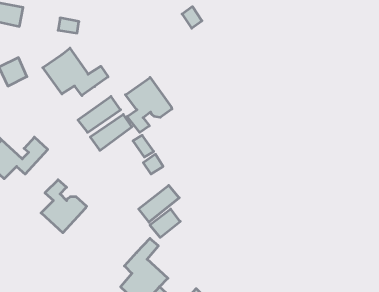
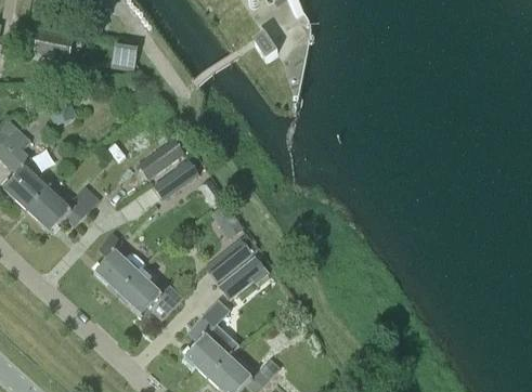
building: [43,48,108,96] -> none
building: [125,77,172,132] -> none
building: none -> [118,265,182,322]

